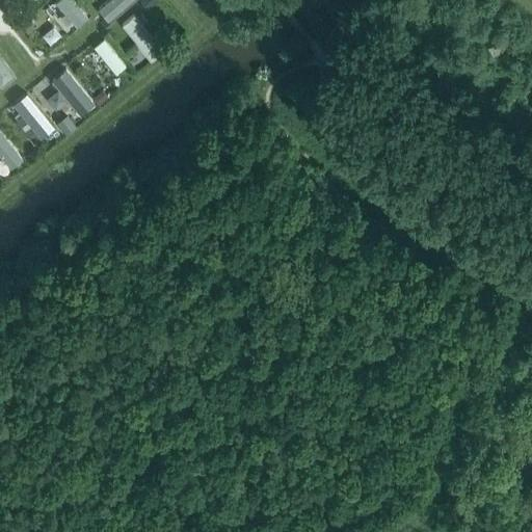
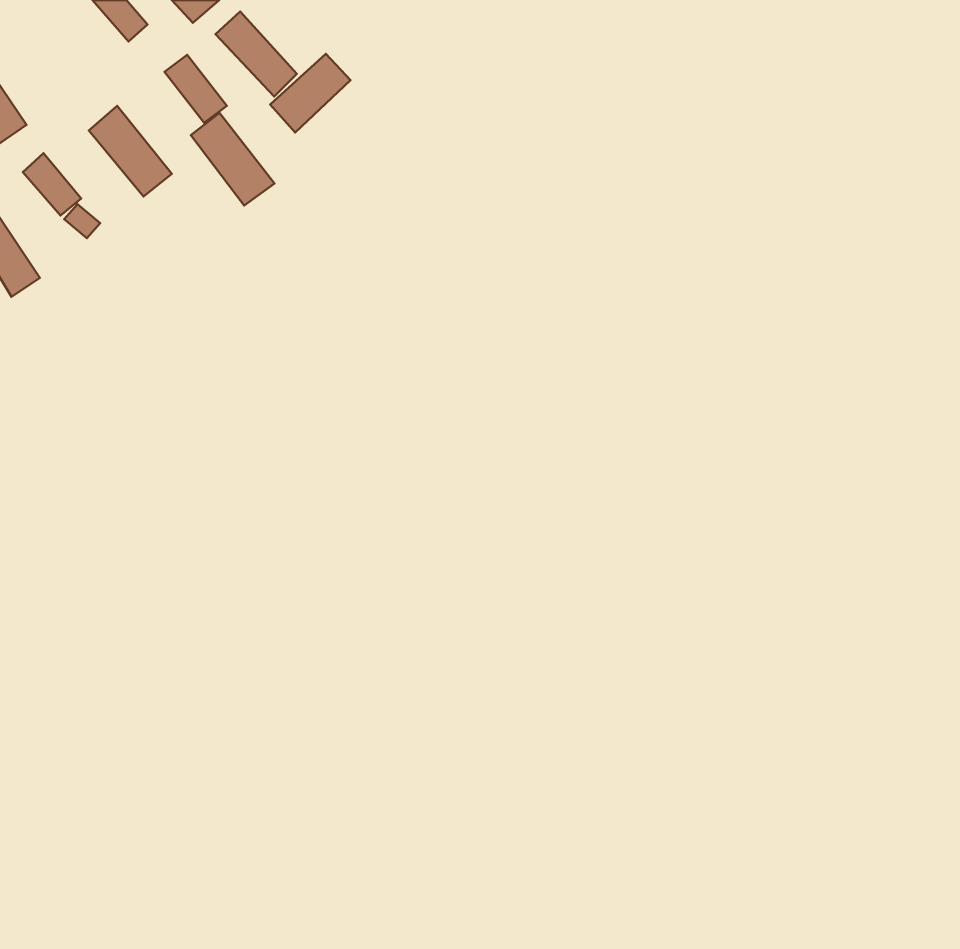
building: none -> [270,54,351,132]
building: none -> [191,113,274,205]

